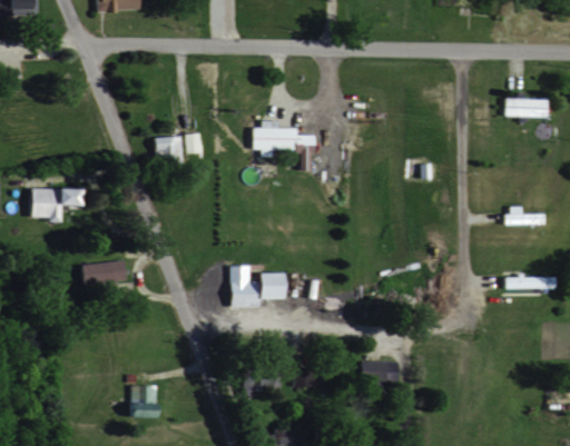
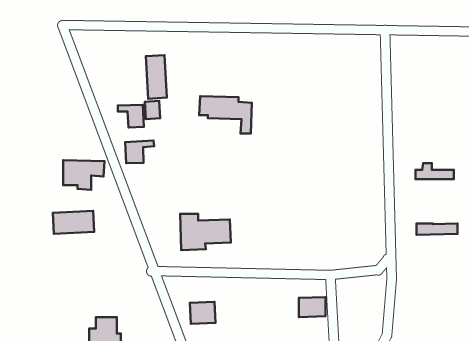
building: none -> [146,55,167,99]
building: [504,98,551,118] -> none
building: none -> [125,141,154,163]
building: [29,188,77,222] -> [63,160,104,190]

